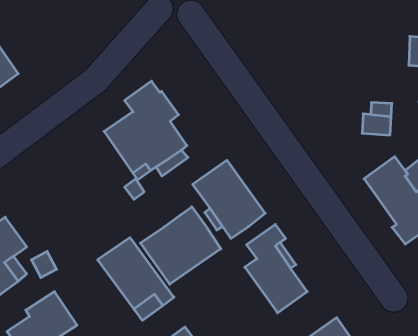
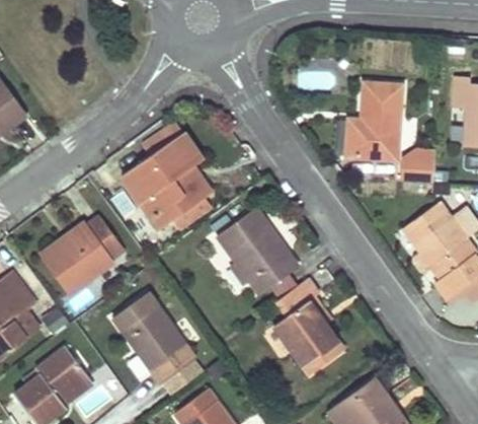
building: none -> [346,81,402,158]
building: none -> [44,219,124,294]
building: [140,207,221,284] -> none

